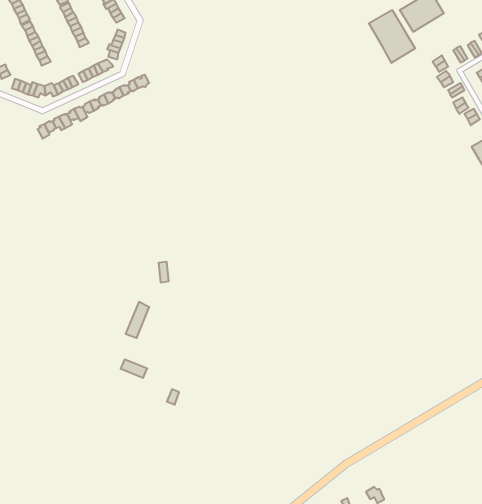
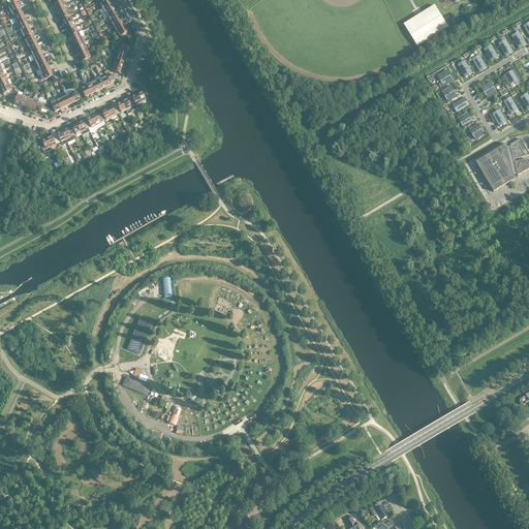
building: [369,10,415,63] -> none

